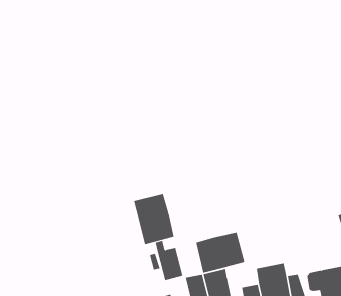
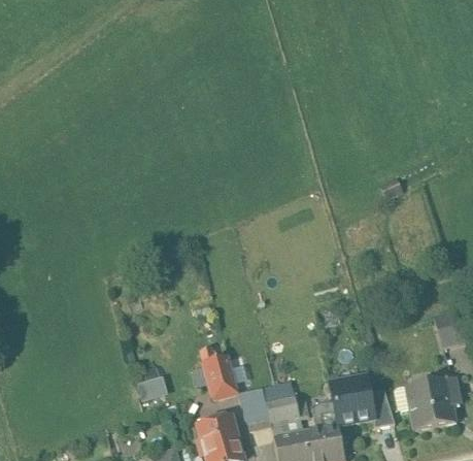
building: [134,193,174,245] -> none
building: [195,232,245,273] -> none
building: none -> [138,373,171,399]

